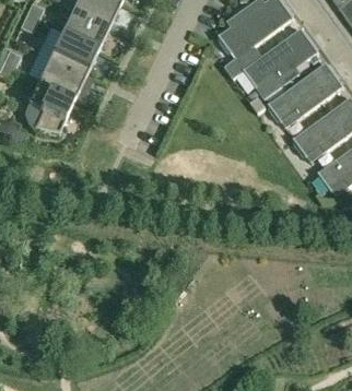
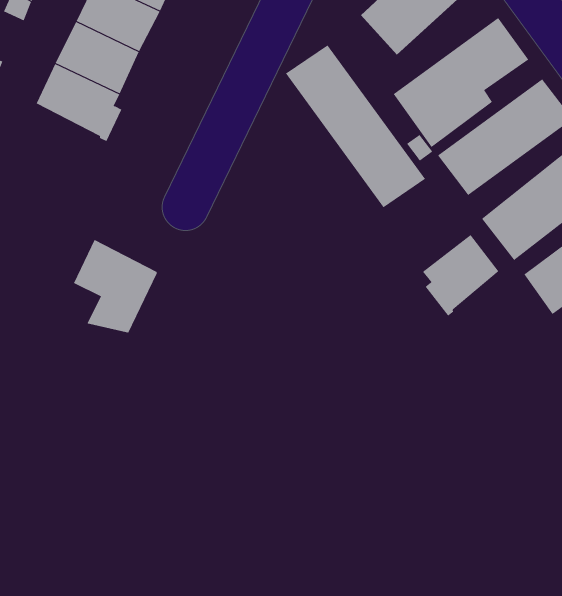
building: none -> [285,44,426,208]
building: [25,79,73,132] -> [73,239,158,333]
building: none -> [422,234,499,317]

